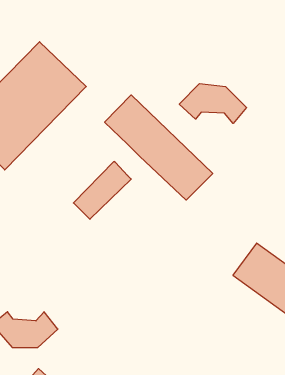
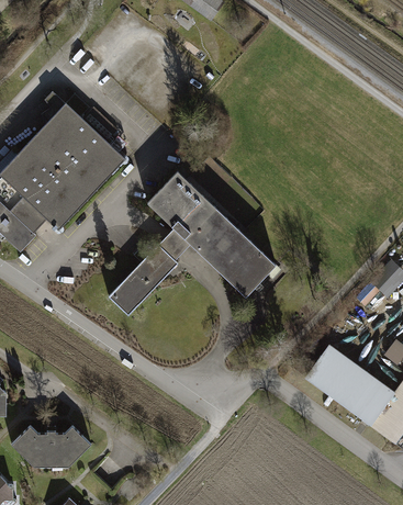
building: [179,84,247,123] -> none
building: none -> [160,226,189,263]

